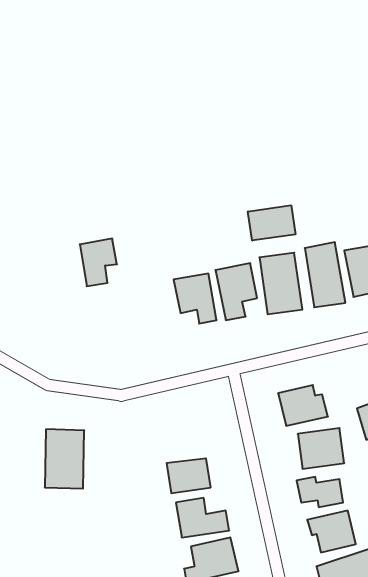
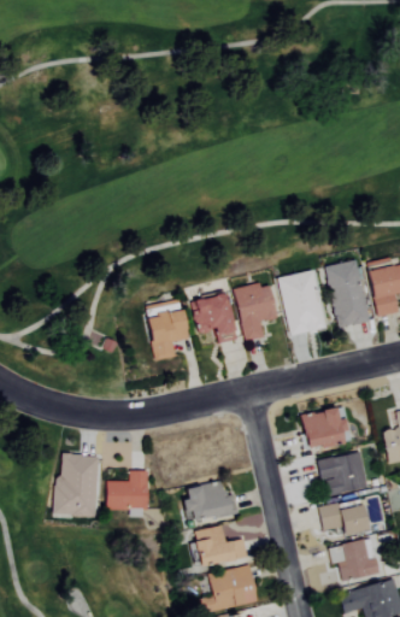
building: [248,205,295,241] -> none
building: [80,239,117,286] -> [148,311,187,360]
building: none -> [107,470,148,517]

